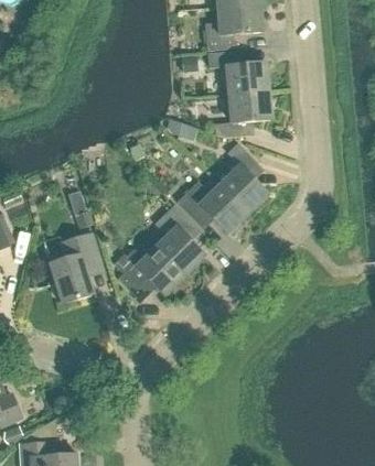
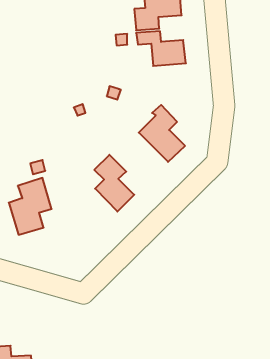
building: [214,90,271,137] -> none
building: [178,176,247,232] -> none
building: [114,246,184,302] -> none

